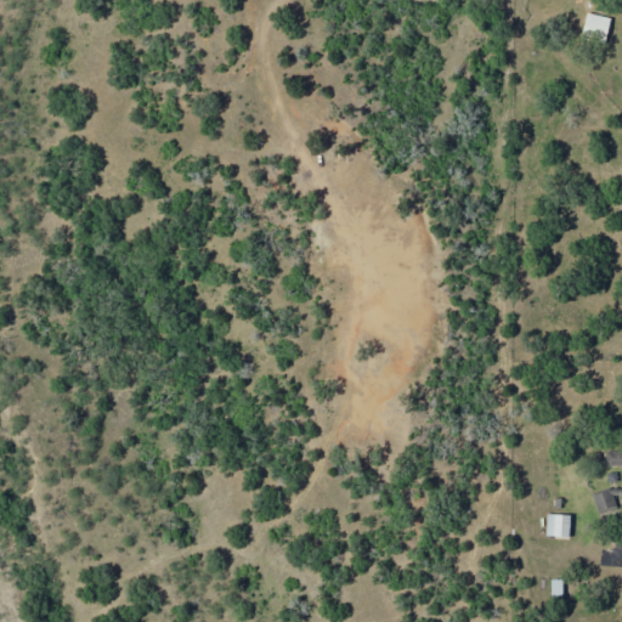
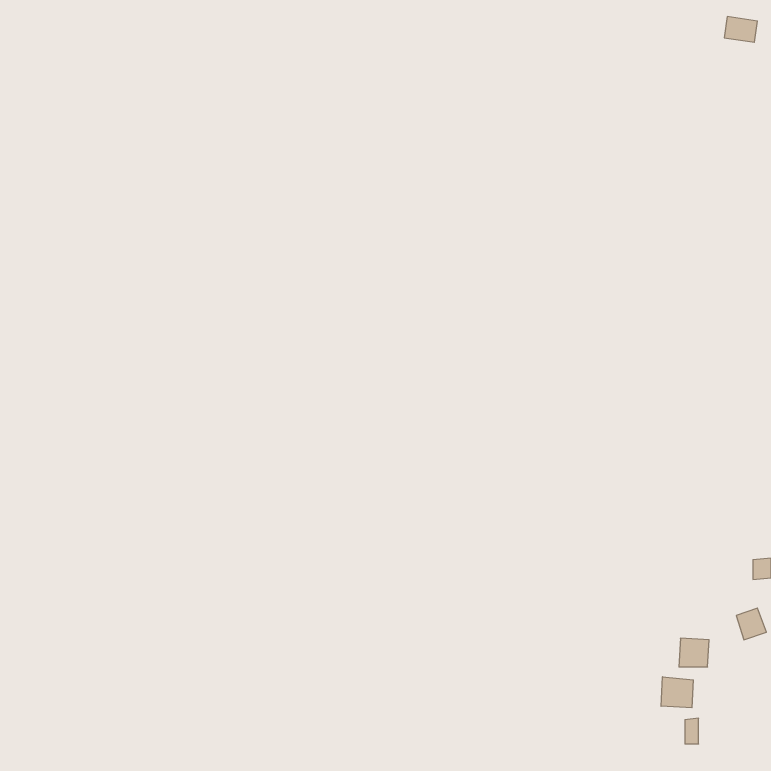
building: none -> [661,677,693,708]

